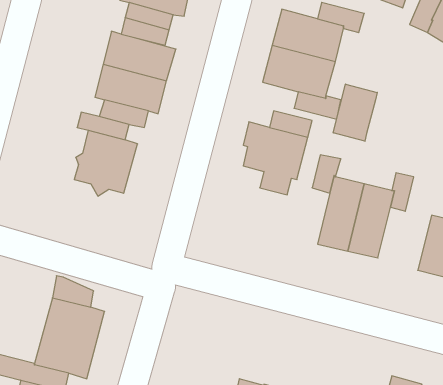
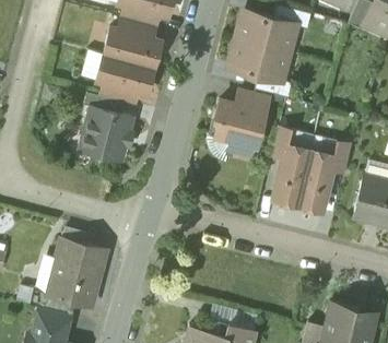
building: [333,84,377,141] -> none

